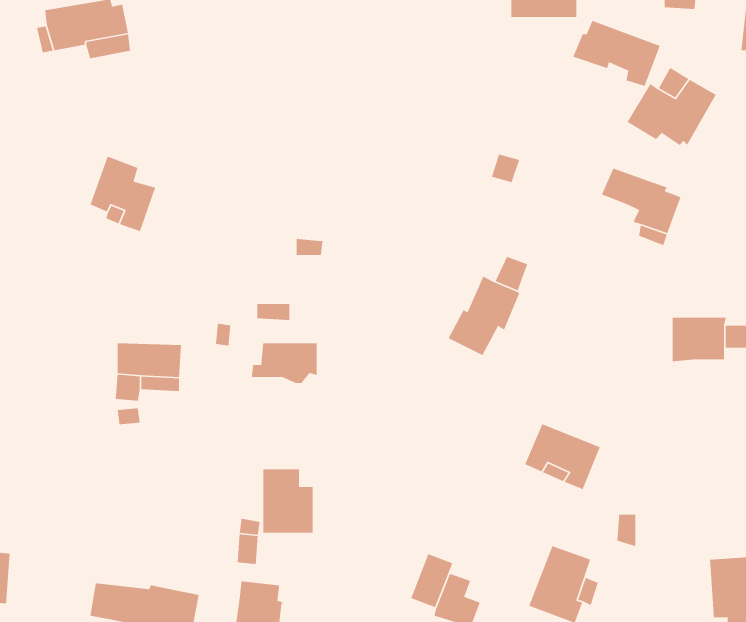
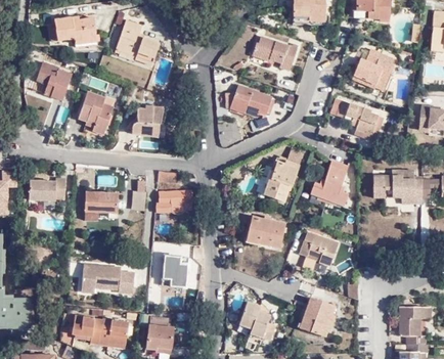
building: none -> [115,17,156,61]
building: [572,20,661,87] -> [252,36,298,71]
building: none -> [31,59,65,98]
building: none -> [229,85,272,115]
building: none -> [137,103,170,132]
building: none -> [311,163,349,209]
building: none -> [32,178,69,200]
building: none -> [249,220,284,248]
building: none -> [86,264,137,294]

